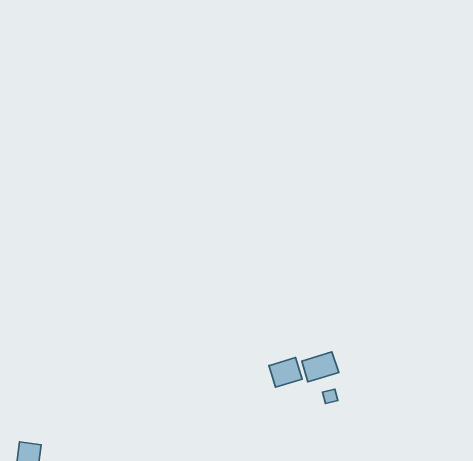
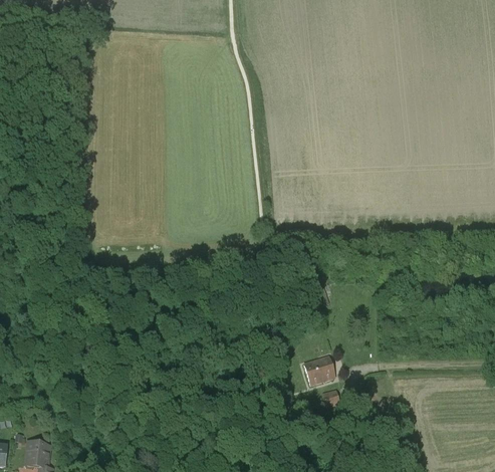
building: [269,358,302,387] -> none

